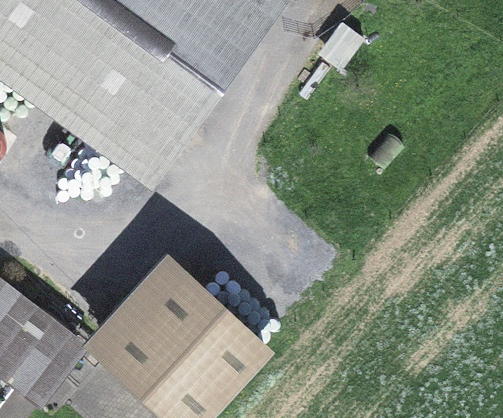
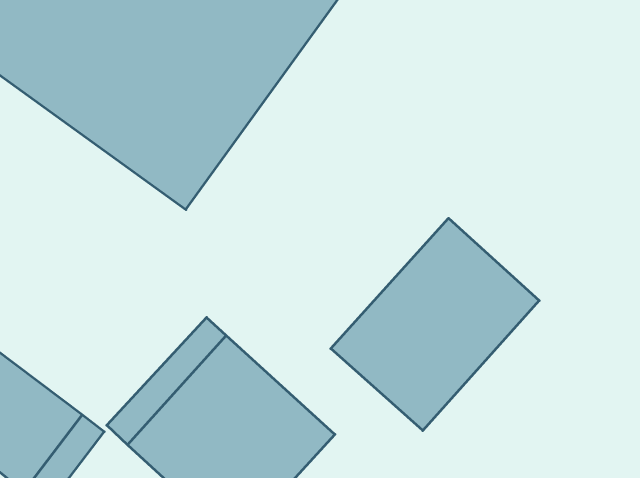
building: none -> [331,218,539,431]

